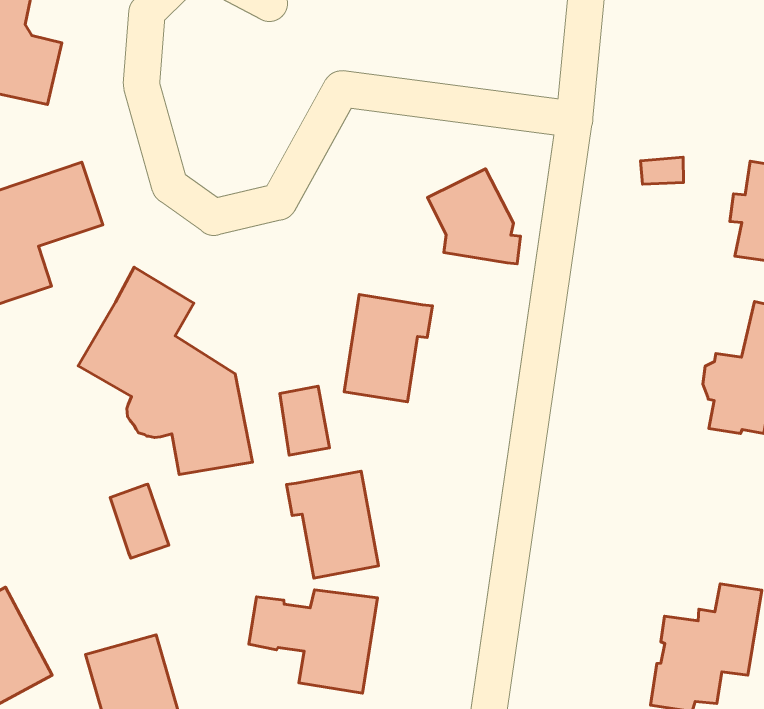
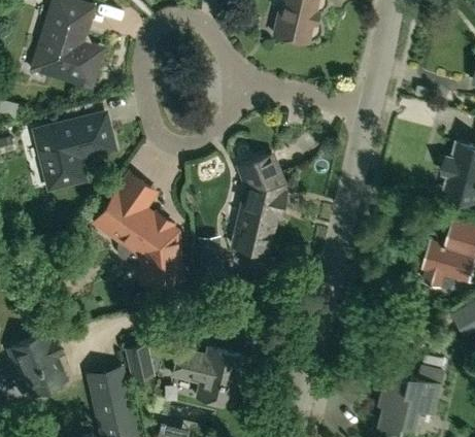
building: [427,169,521,264] -> [239,154,286,205]
building: [286,471,378,578] -> none
building: [110,484,169,558] -> [123,345,151,383]

